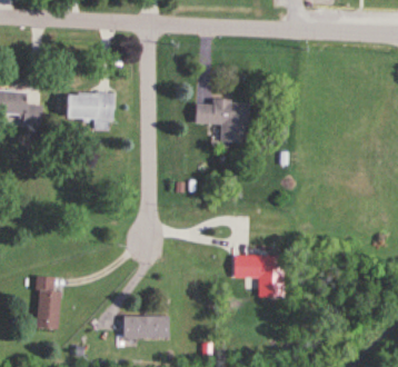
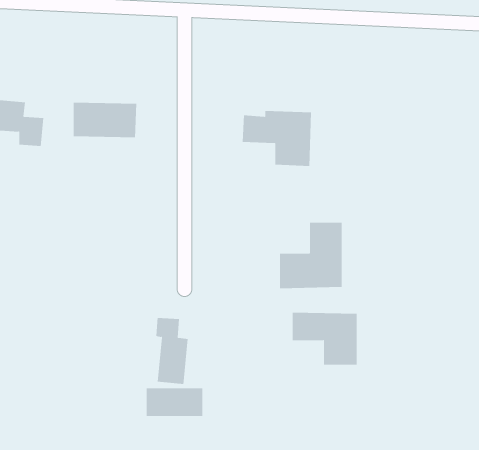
building: none -> [279,222,342,289]
building: [32,274,58,326] -> [156,317,188,385]

